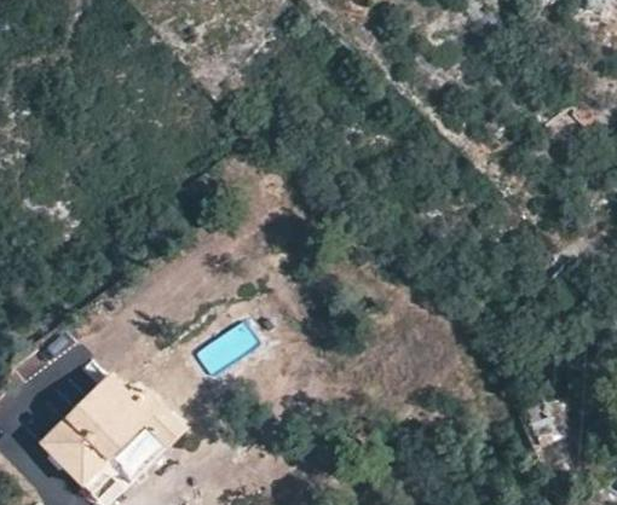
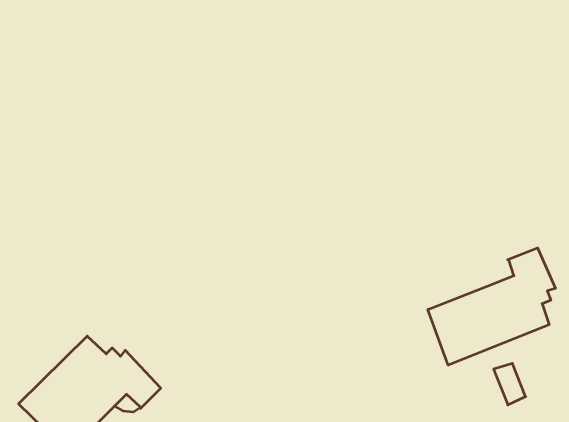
building: none -> [428,248,555,365]

